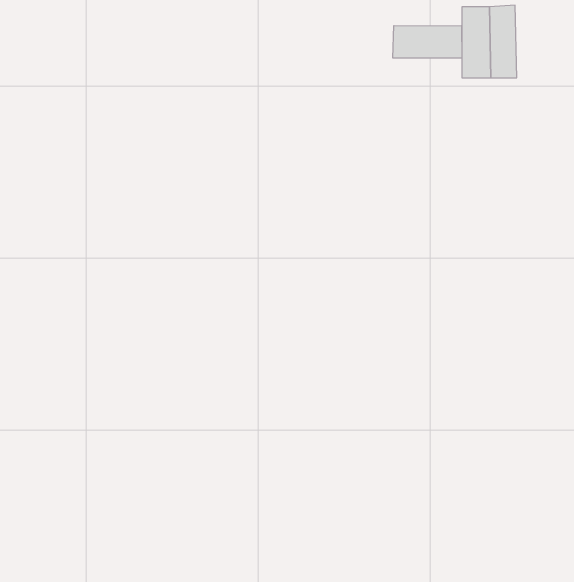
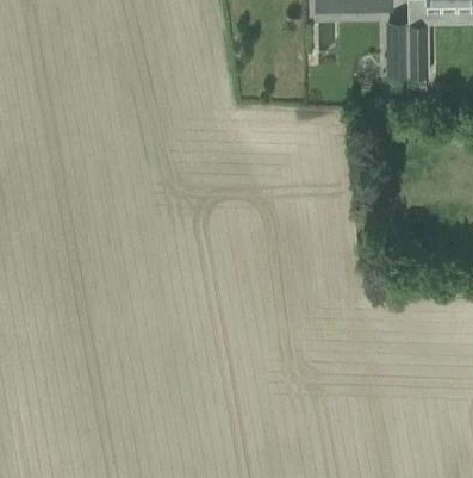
building: [393,26,462,58] -> none

